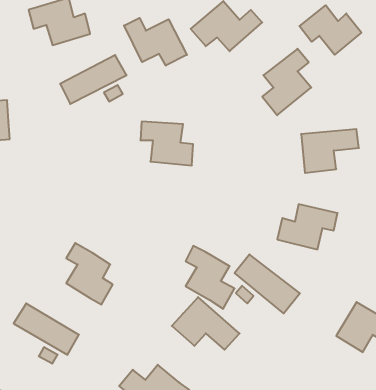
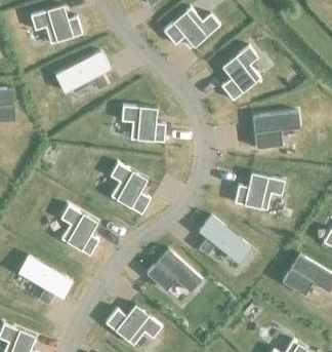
building: [299,5,361,55] -> none
building: [124,18,187,66] -> none
building: [186,246,235,309] -> [111,163,151,214]

